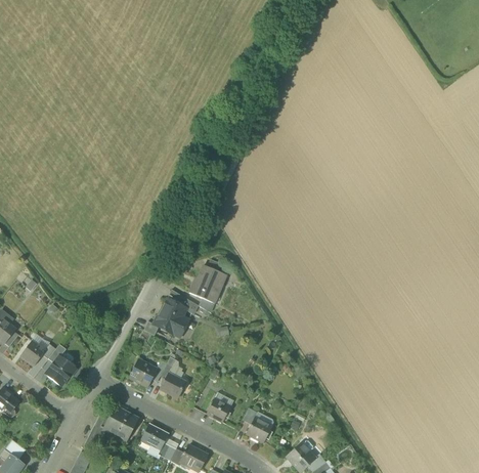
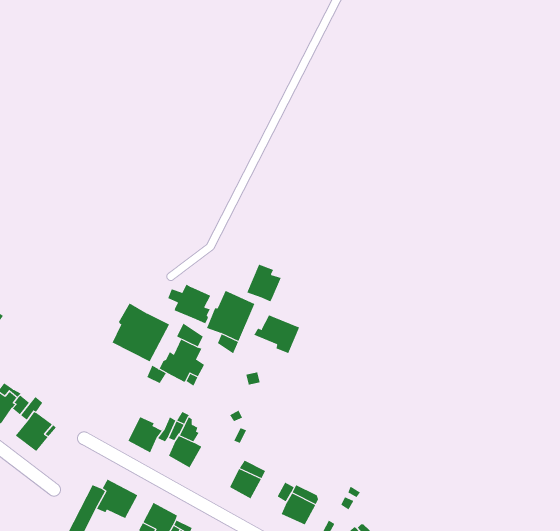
building: none -> [247,264,281,302]
building: none -> [167,284,216,324]
building: none -> [112,302,170,362]
building: none -> [254,312,300,354]

